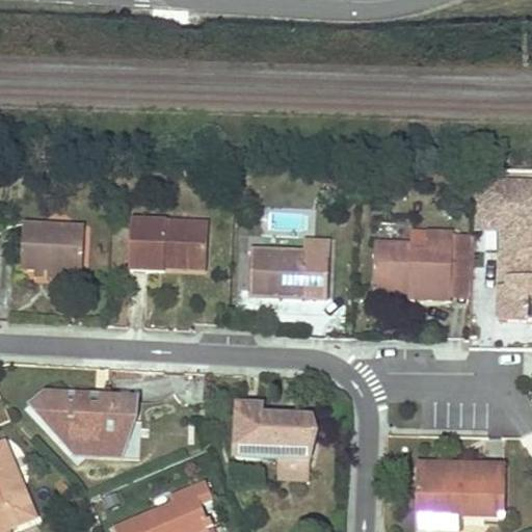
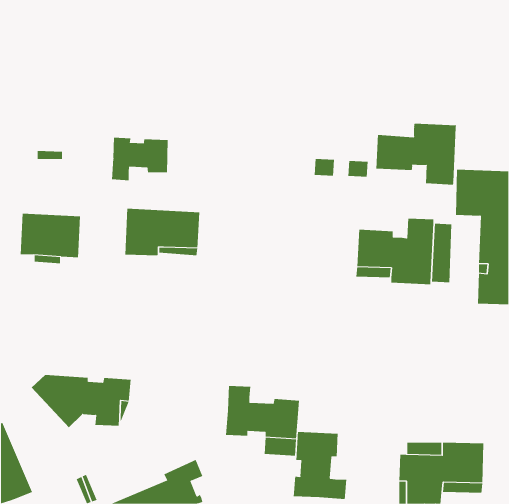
building: none -> [376,123,457,186]
building: none -> [112,137,168,181]
building: [250,238,329,293] -> none
building: none -> [293,431,347,500]

